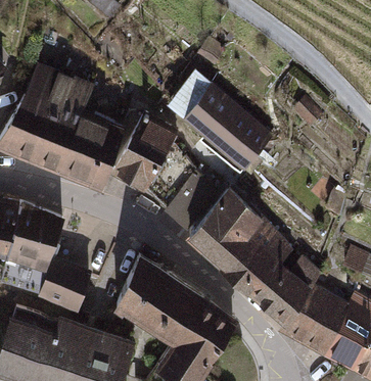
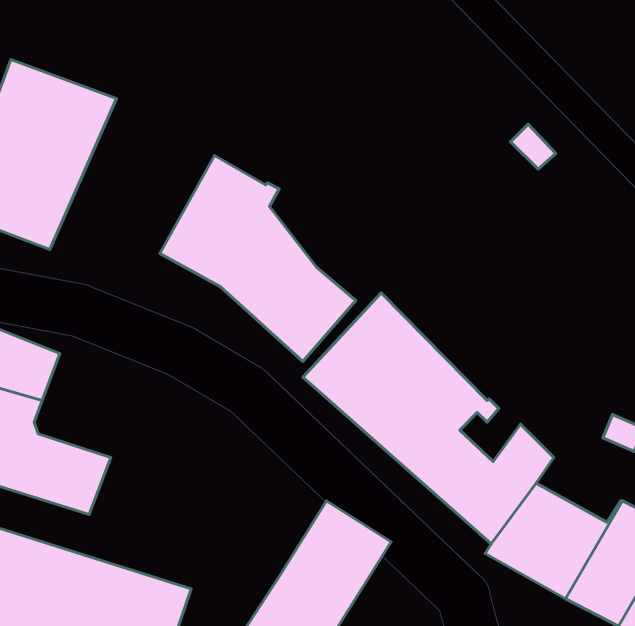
building: [169,75,271,175] -> none
building: [56,115,121,186] -> none
building: [115,259,200,340] -> none

